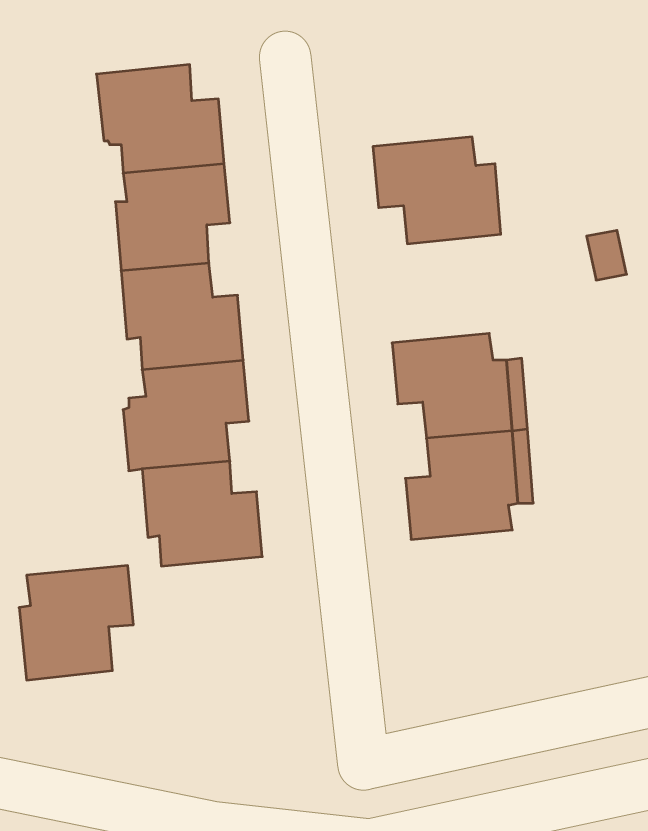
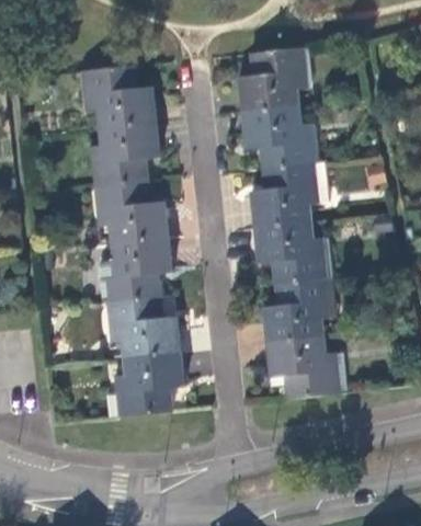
building: none -> [238,49,306,113]
building: none -> [249,162,326,226]
building: none -> [263,333,334,397]
building: [19,566,133,680] -> [115,348,181,414]

